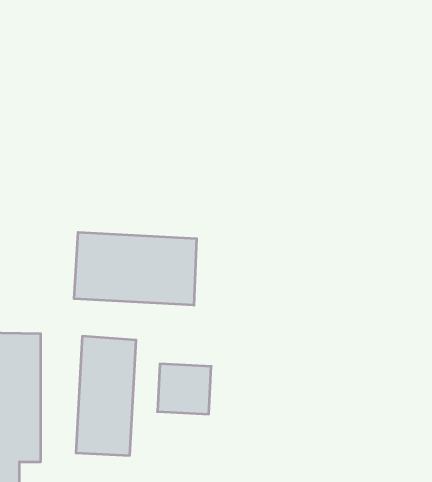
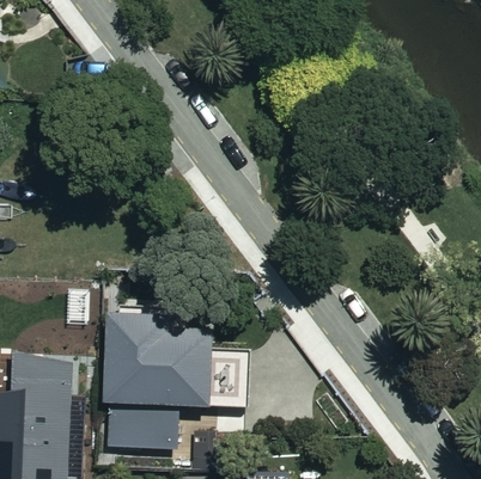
building: [74,232,197,305] -> none

